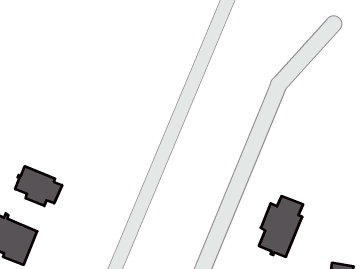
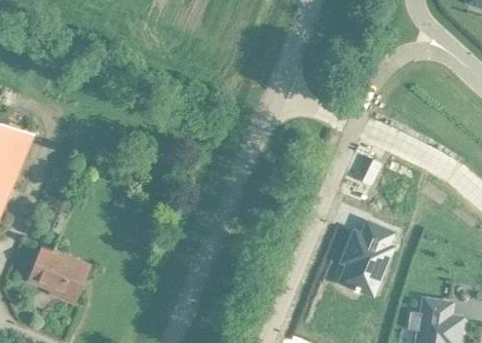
building: [15,166,62,206] -> none

